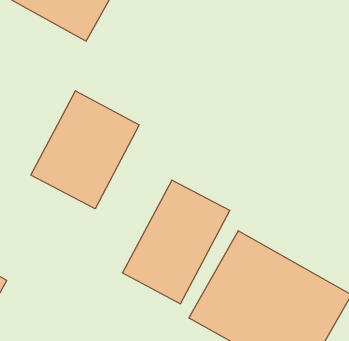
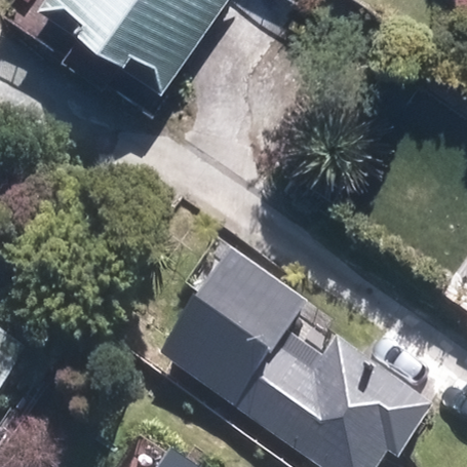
building: [31,91,139,209] -> none

